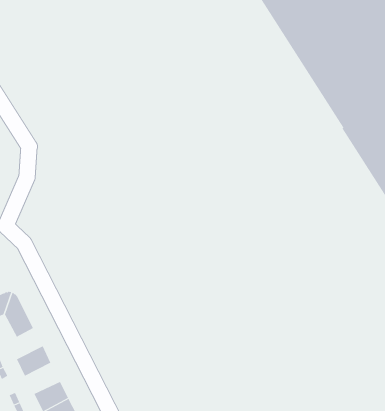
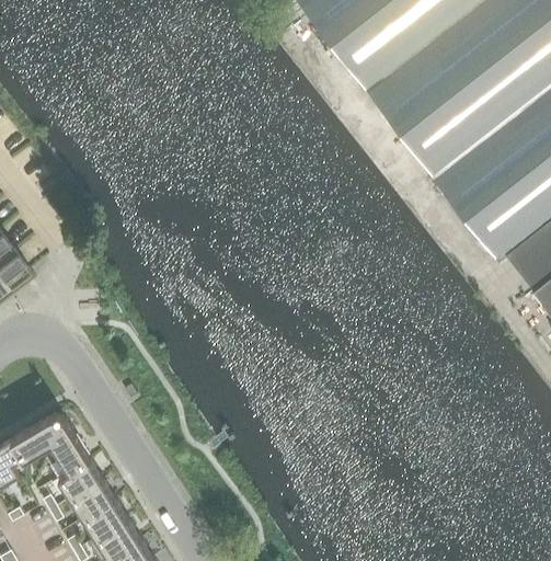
building: none -> [58,456,102,495]
building: none -> [83,495,127,535]

